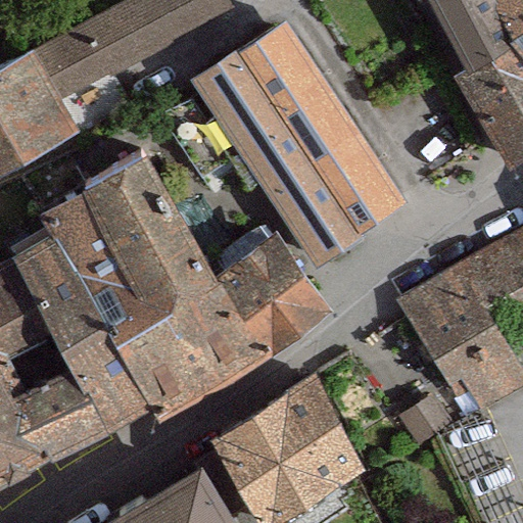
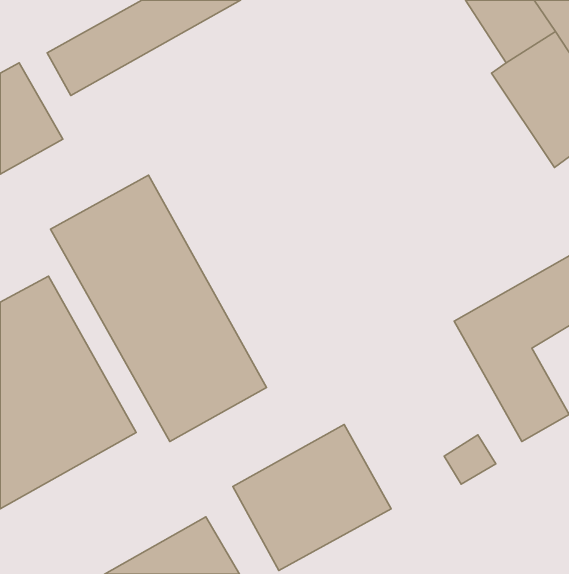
building: [201,29,391,254] -> none
building: [225,240,321,340] -> none

